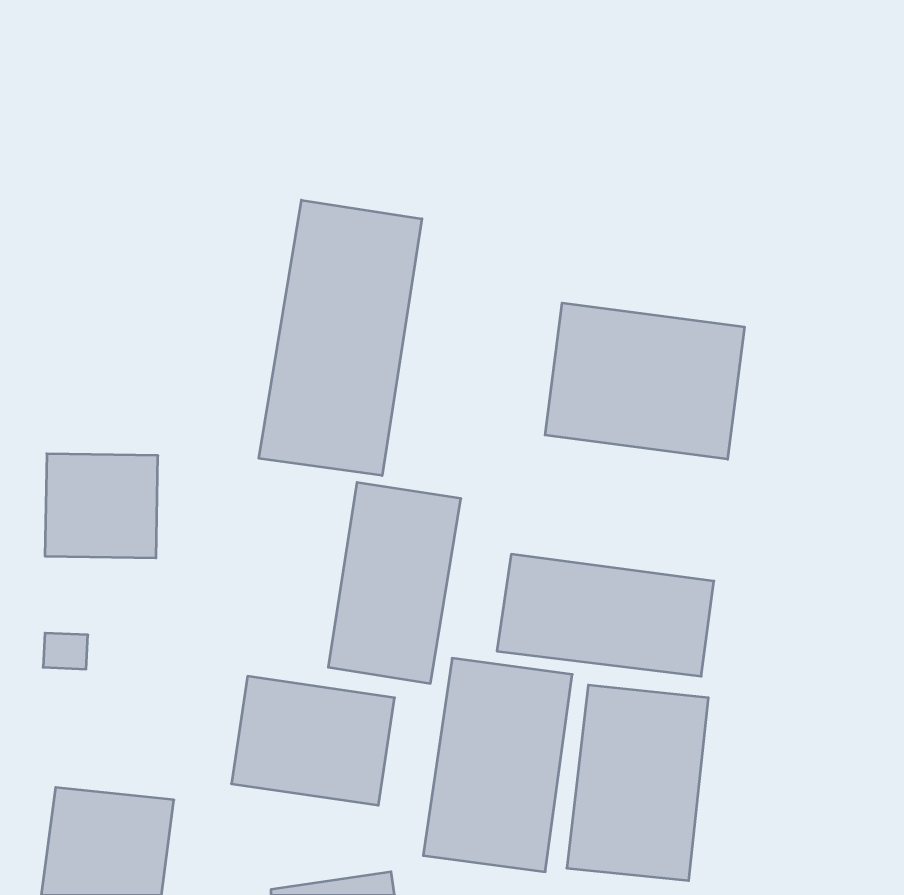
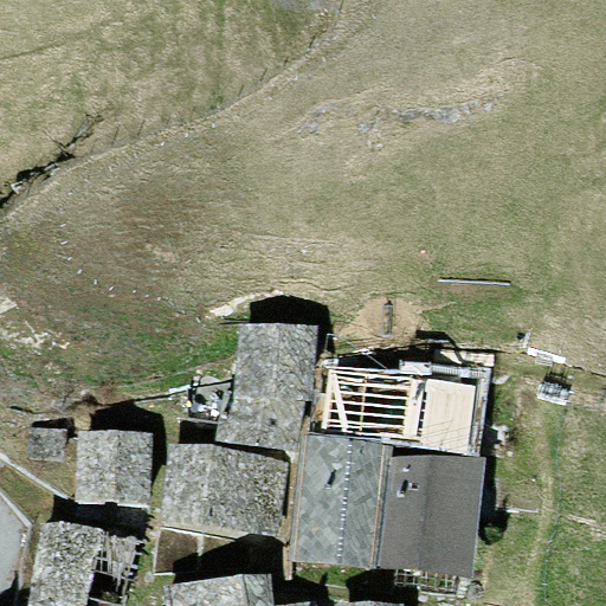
building: [259,200,422,476] -> none
building: [545,303,744,459] -> none
building: [45,454,158,558] -> [79,430,154,498]

